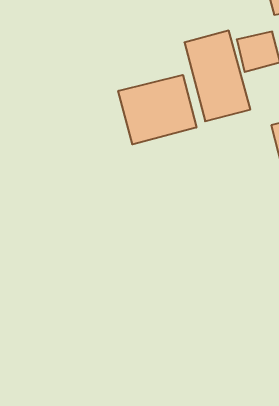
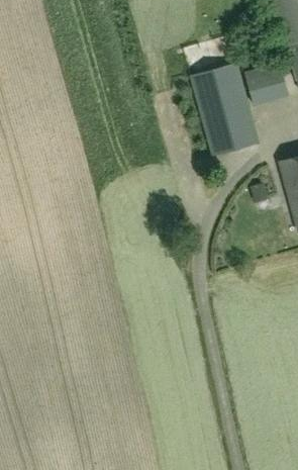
building: [118,75,196,144] -> none

